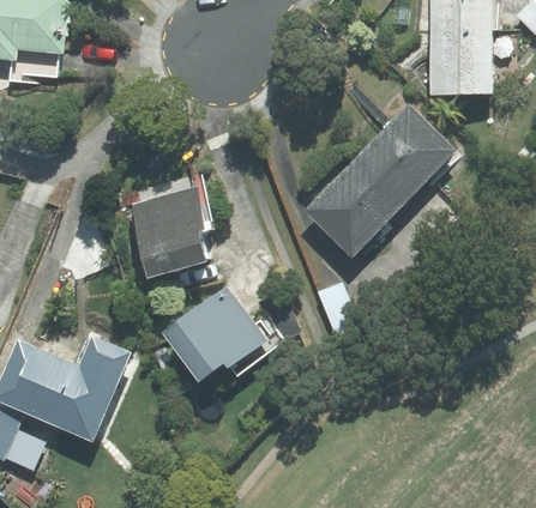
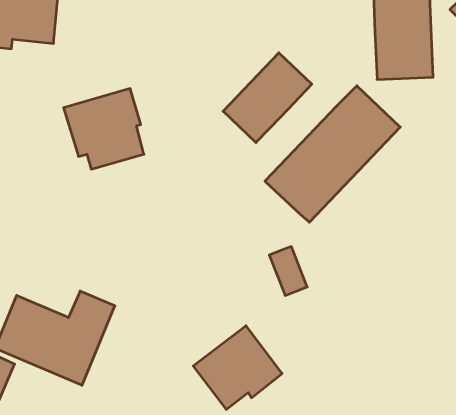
building: none -> [223,53,312,143]
building: [122,185,213,276] -> [64,89,144,169]
building: [168,285,269,380] -> [193,326,282,409]

